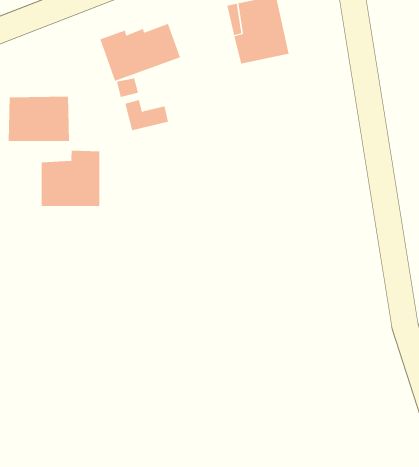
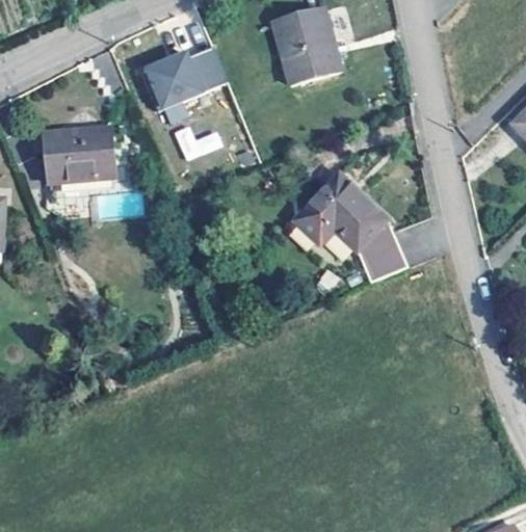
building: [41,150,100,207] -> none
building: none -> [292,172,406,281]

